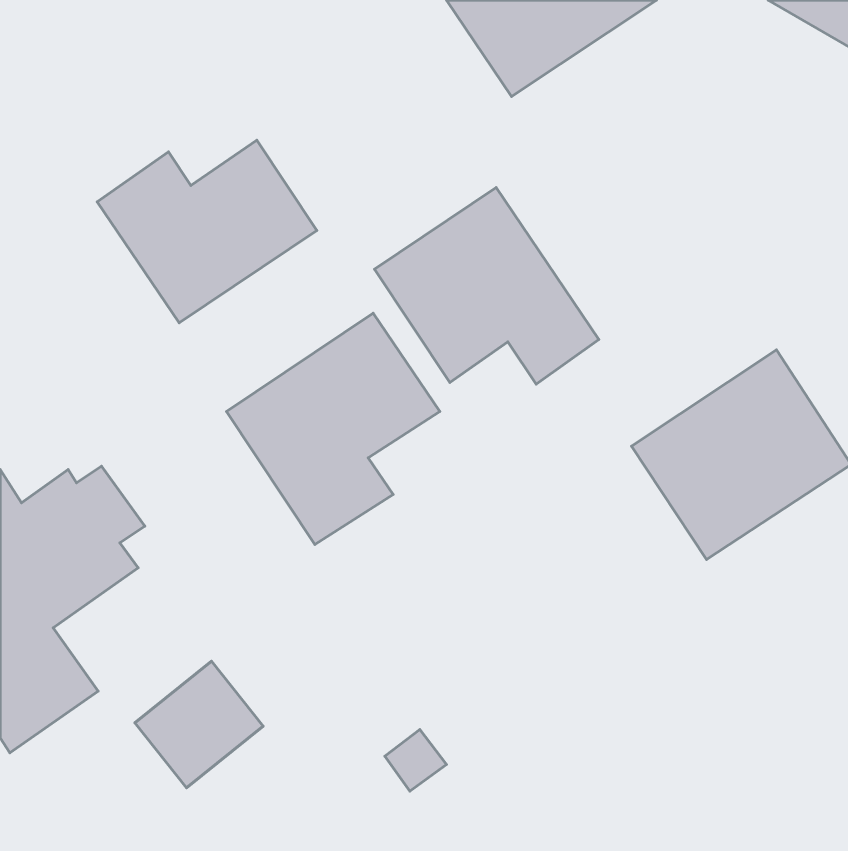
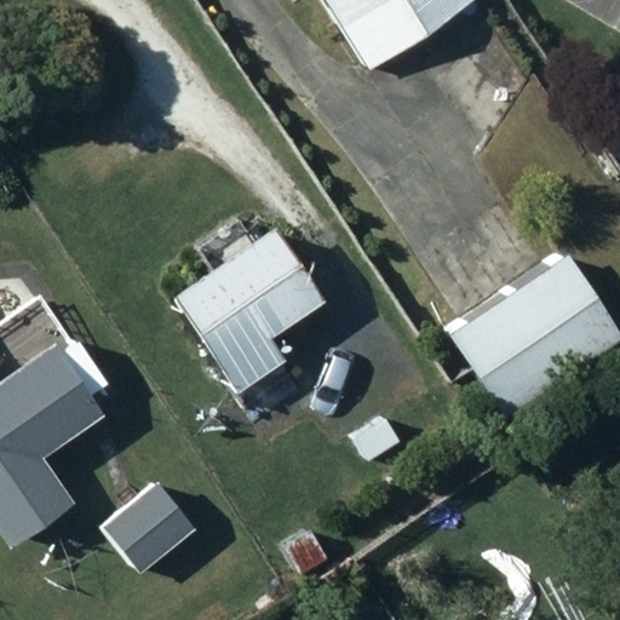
building: [97,140,317,323] -> none
building: [374,188,599,384] -> none

